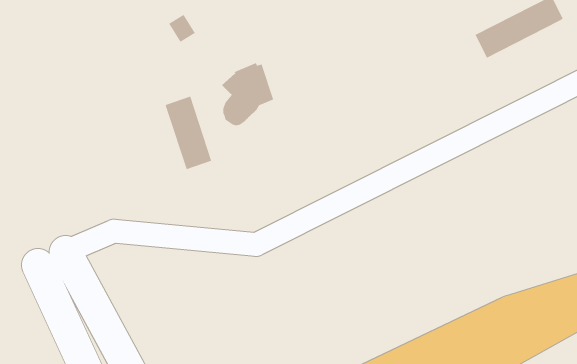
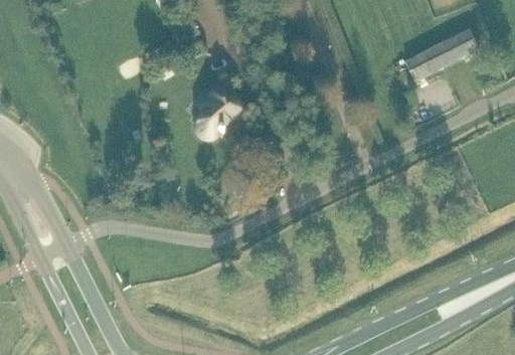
building: [165,96,212,170] -> none

